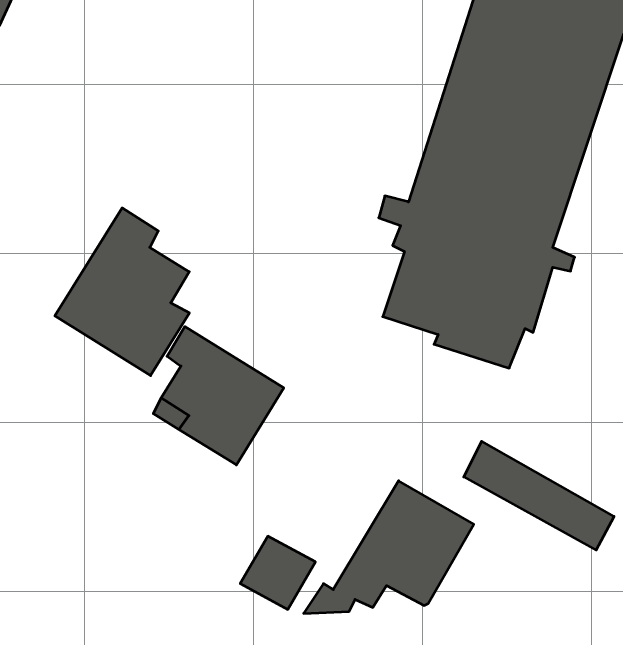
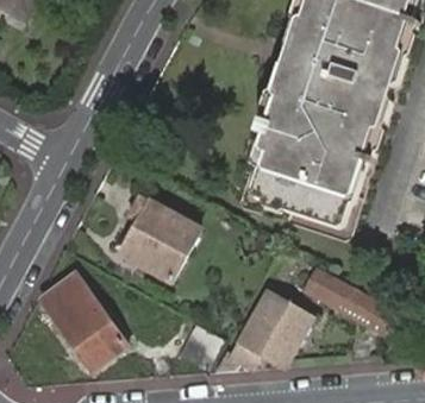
building: [55,208,189,376] -> none
building: none -> [43,277,125,370]

